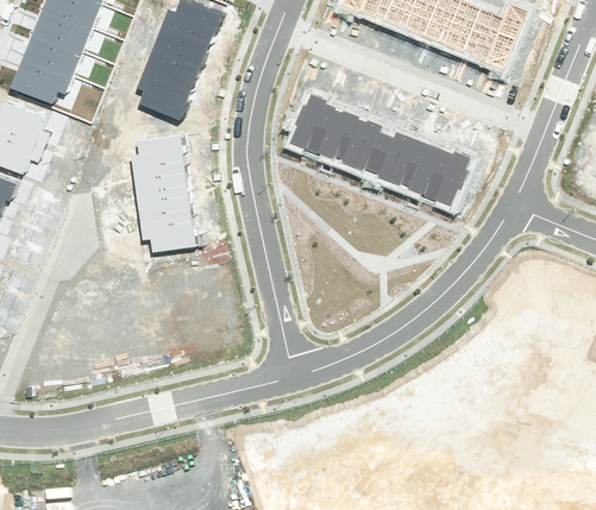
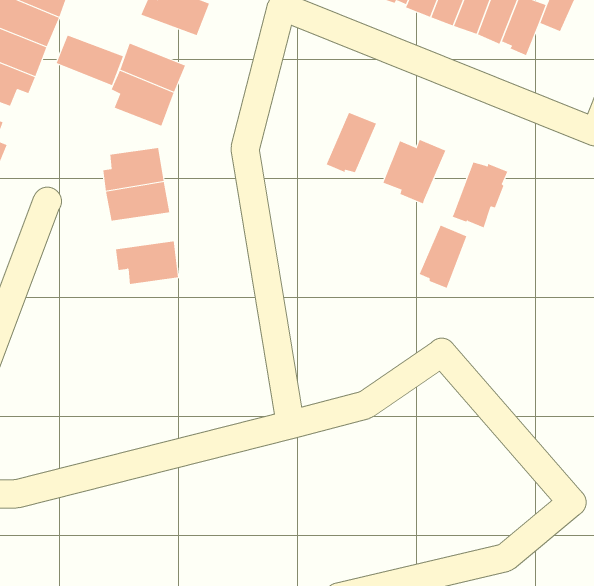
building: [152,25,209,68] -> [56,35,124,86]
building: [485,32,515,68] -> none
building: [291,93,337,153] -> none
building: [343,117,382,170] -> none
building: [401,139,441,193] -> [419,225,467,288]
building: [137,191,190,222] -> none

